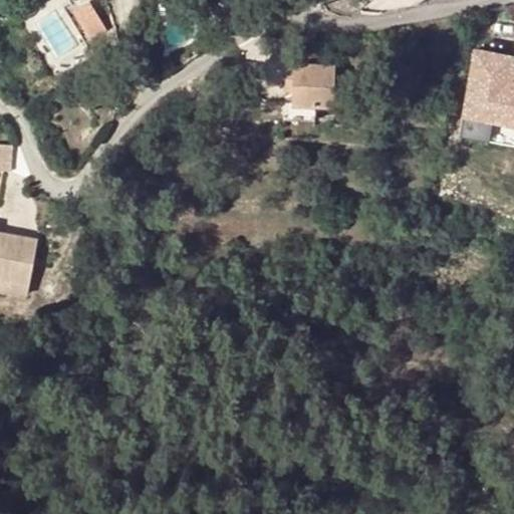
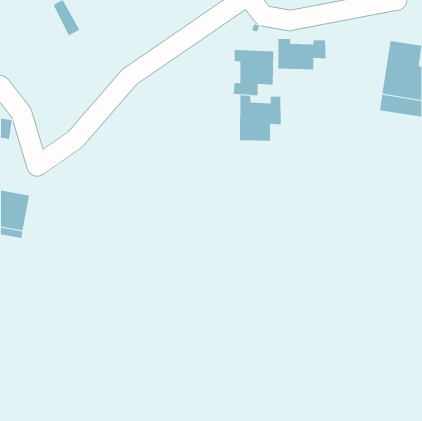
building: none -> [278,38,326,70]
building: none -> [239,95,281,142]

